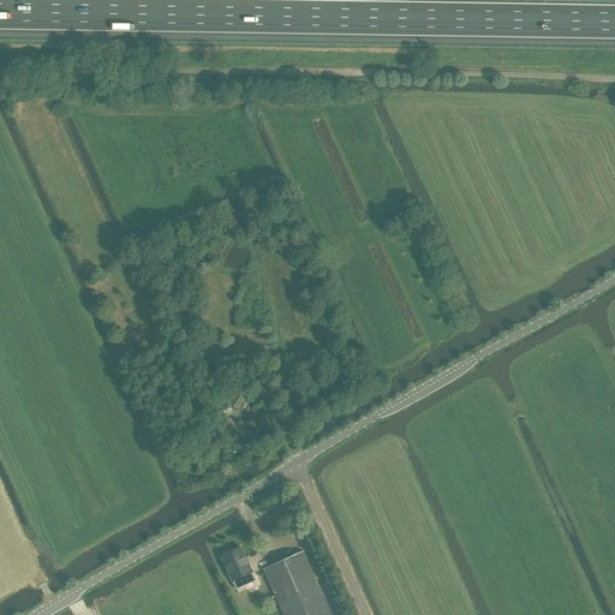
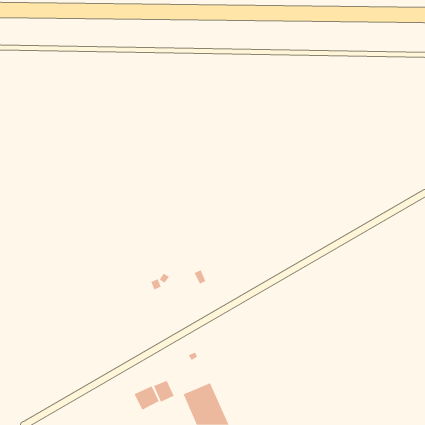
building: none -> [134,385,159,411]

